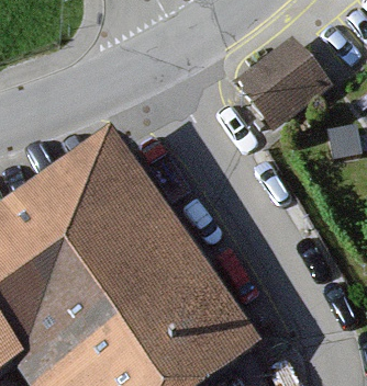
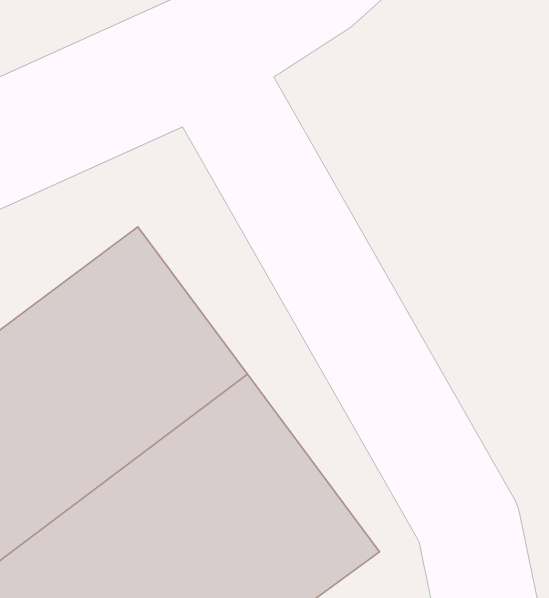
building: [224,34,319,123] -> none

